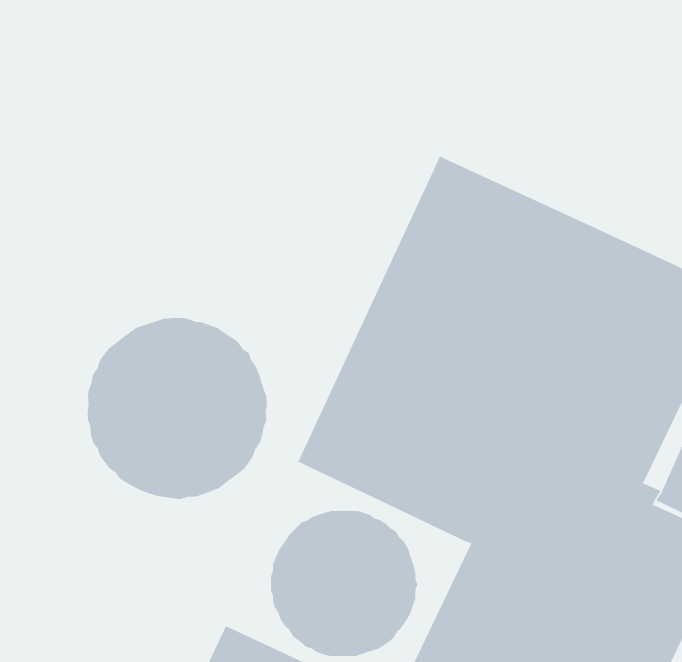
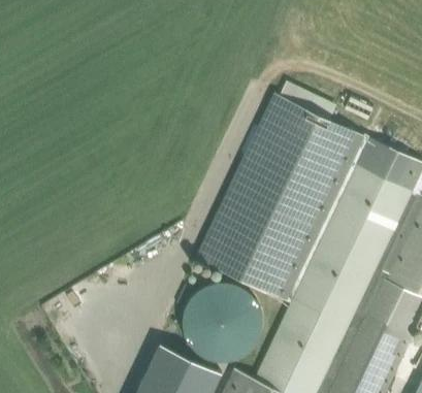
building: [87,317,267,500] -> none

